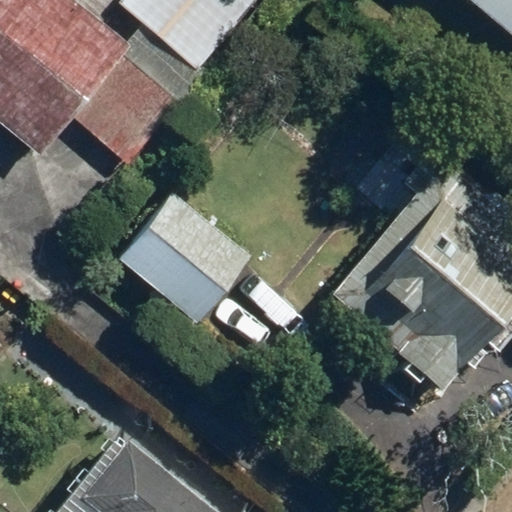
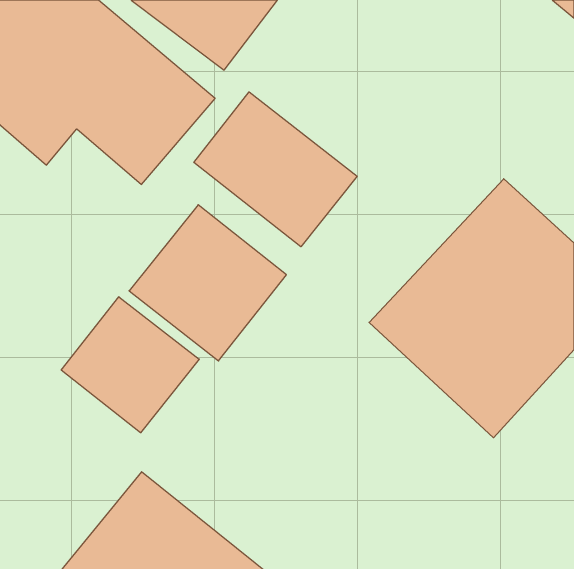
building: none -> [194,92,357,247]
building: none -> [61,297,199,433]

